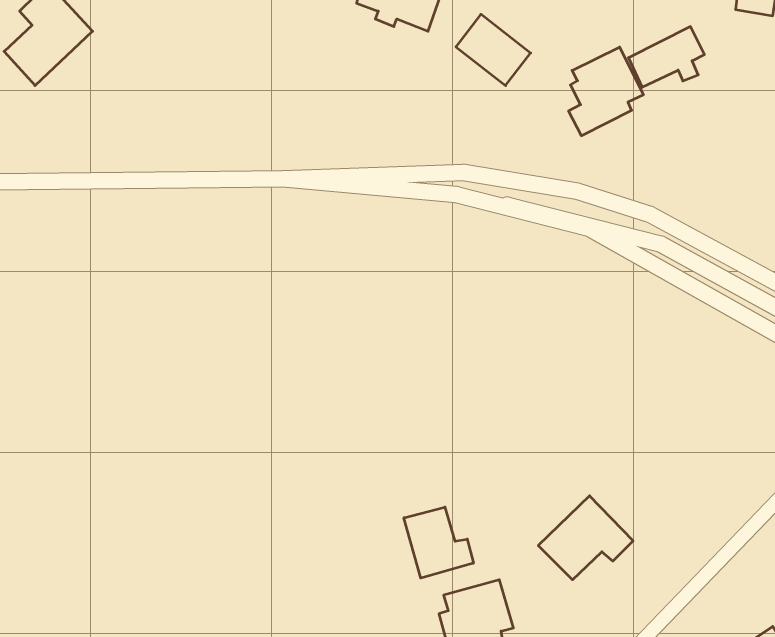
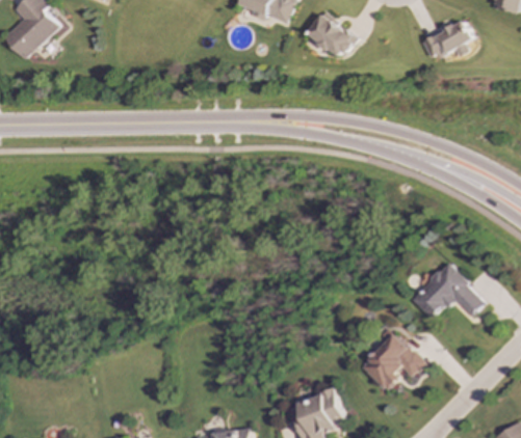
building: [569,47,643,136] -> none
building: none -> [410,263,485,319]
building: [404,507,473,578] -> none

